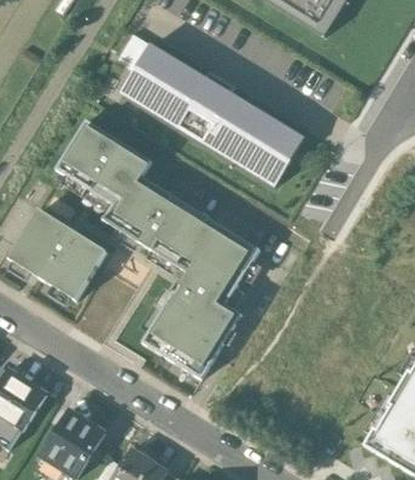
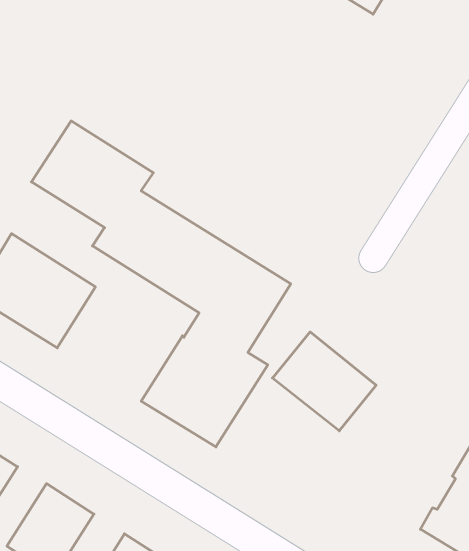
building: [116,33,305,186] -> none
building: none -> [272,332,376,431]

